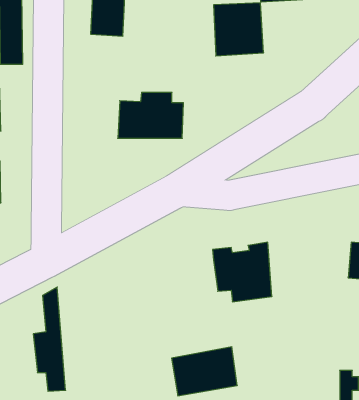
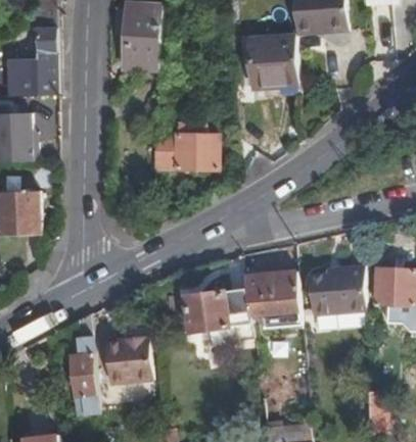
building: none -> [312,258,367,307]
building: none -> [105,338,153,386]
building: [172,347,237,396] -> [185,287,249,335]

